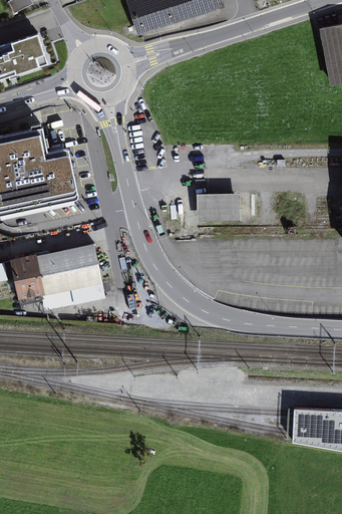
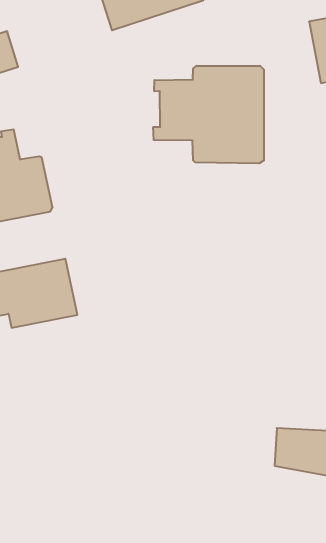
building: none -> [153,66,264,163]
building: [199,193,241,219] -> none

